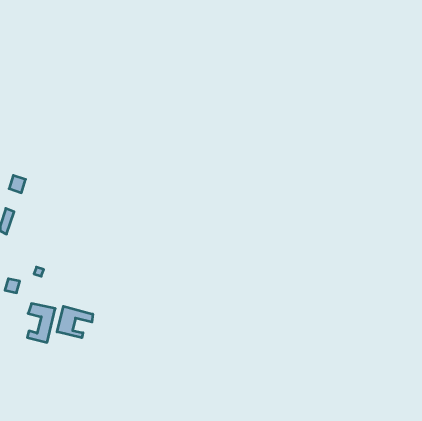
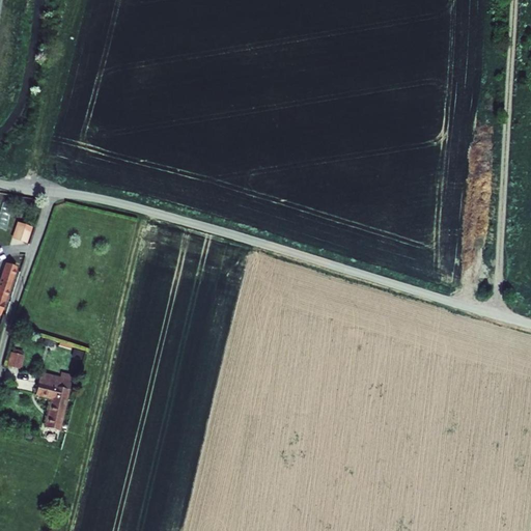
building: [57,306,93,338] -> none

